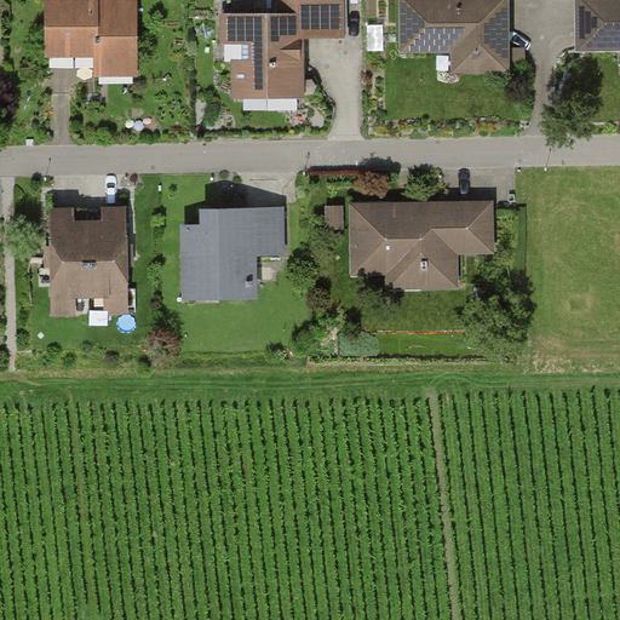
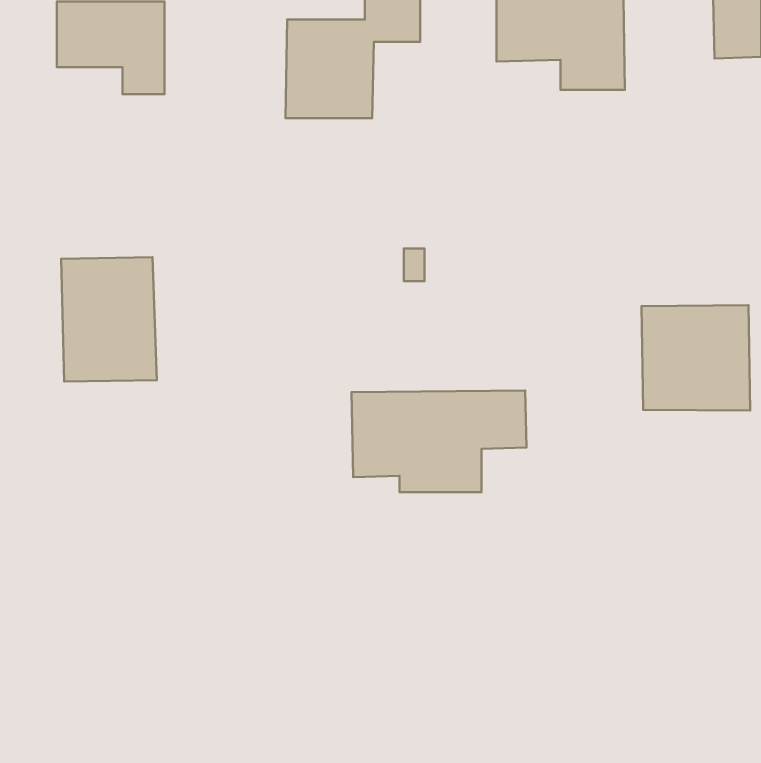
building: [349,203,490,286] -> [352,391,527,492]
building: [182,207,281,297] -> none
building: none -> [642,305,750,410]

